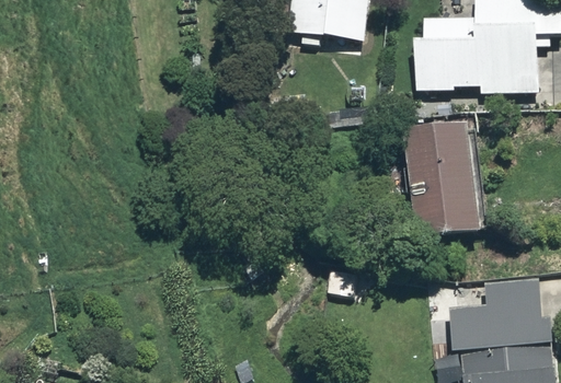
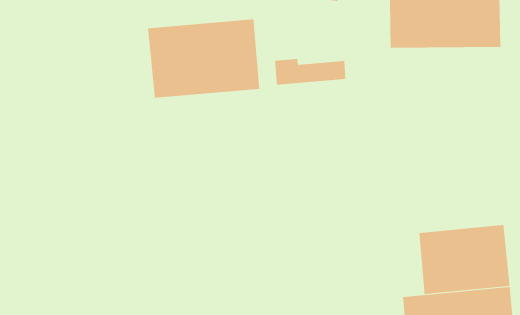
building: none -> [148,18,260,98]
building: [403,121,483,237] -> none

